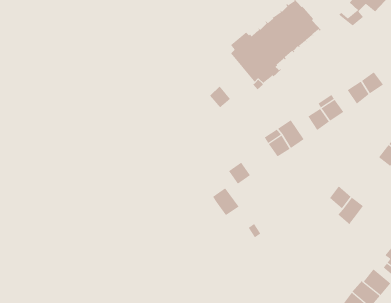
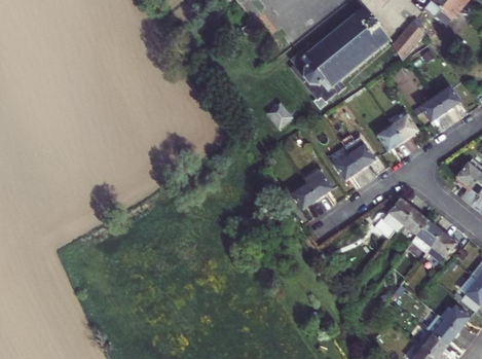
building: none -> [393,24,427,59]
building: none -> [381,199,412,231]
building: [212,188,240,216] -> [302,168,332,199]
building: none -> [425,232,454,262]

